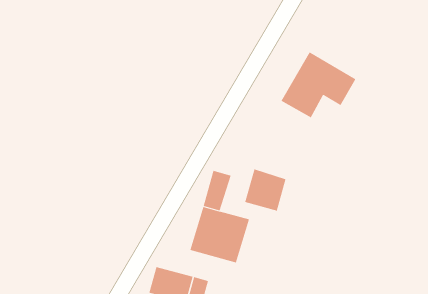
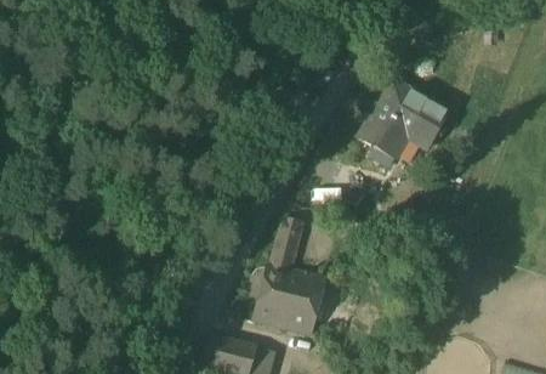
building: [245,169,286,212] -> none

